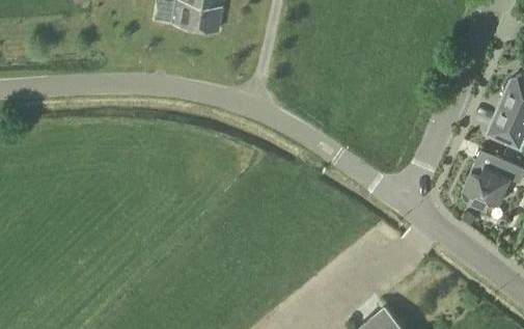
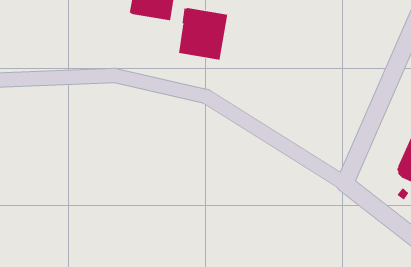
building: none -> [178,7,228,60]

